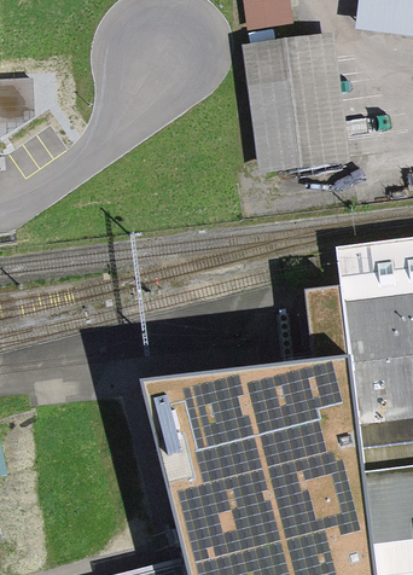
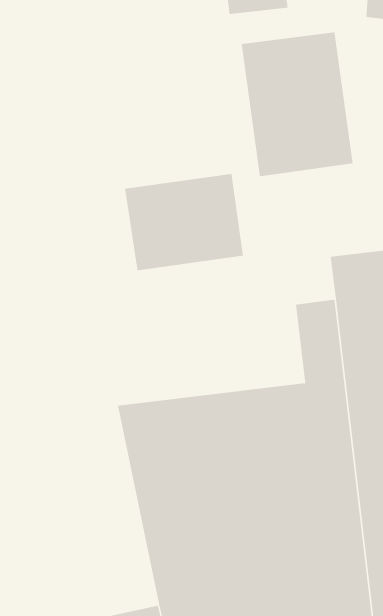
building: none -> [124,173,243,271]

